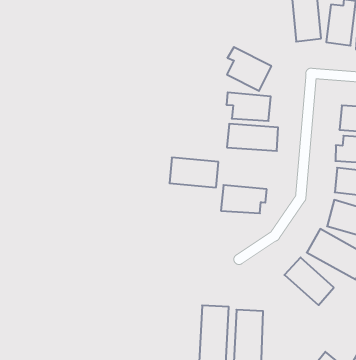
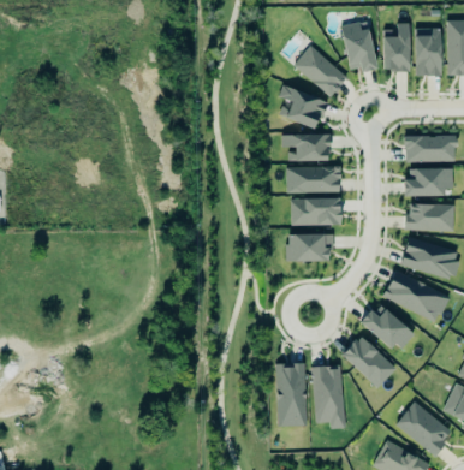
building: none -> [293,44,347,97]
building: [169,158,218,187] -> [290,197,340,225]
building: none -> [341,334,395,388]

